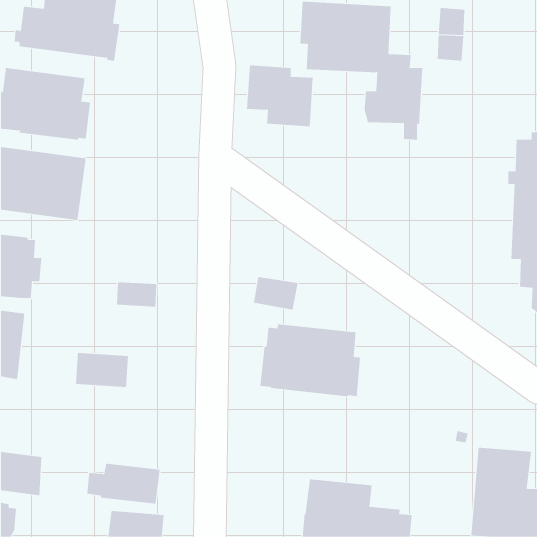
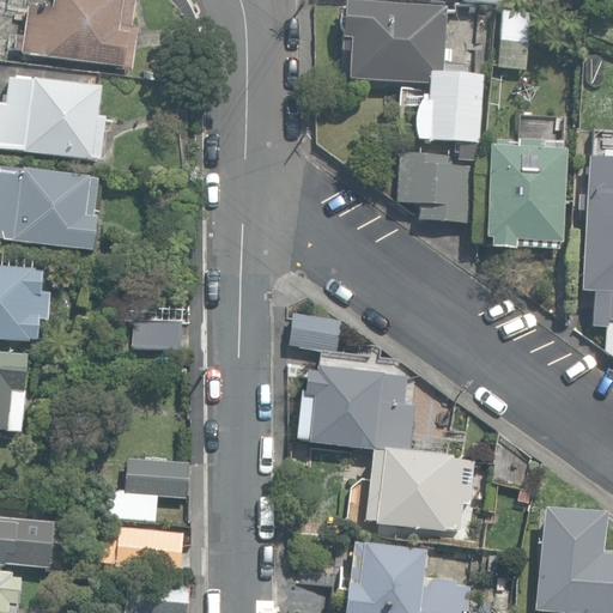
building: [246,65,314,127] -> [396,151,473,221]
building: none -> [486,138,568,249]
building: [75,353,129,387] -> [127,457,188,497]
building: none -> [366,450,474,529]

